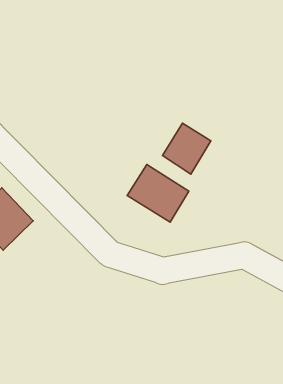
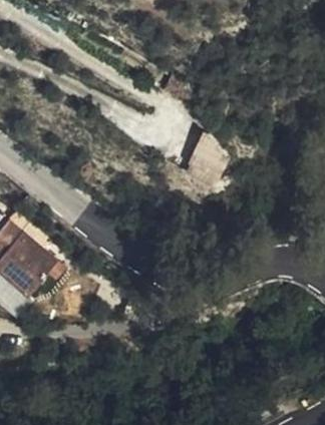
building: [127,164,189,222] -> none

